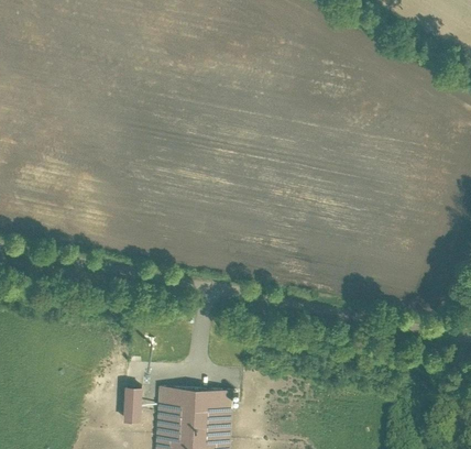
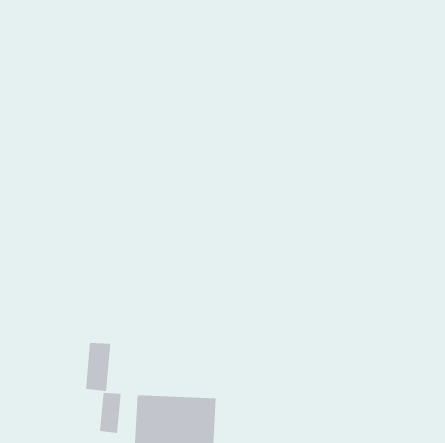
building: none -> [85,342,111,392]

